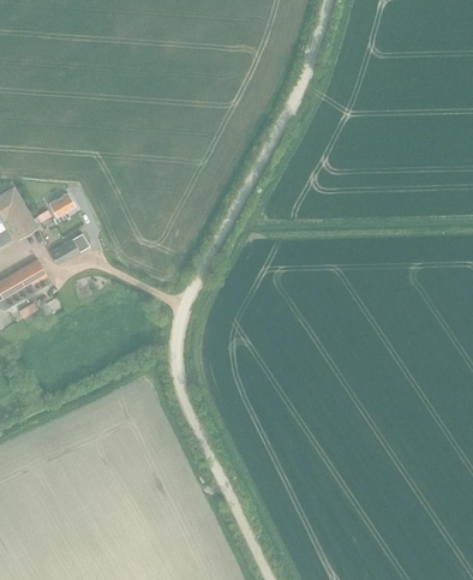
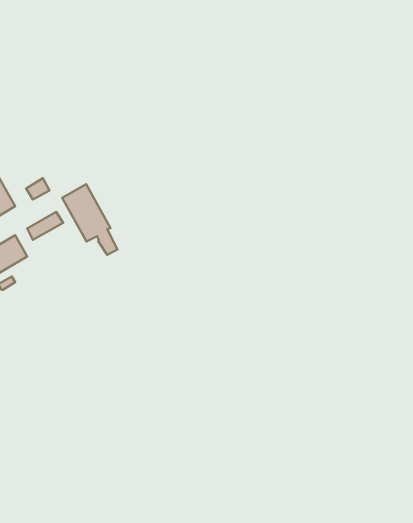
building: none -> [62,184,118,255]

